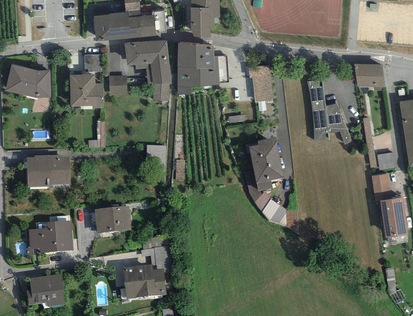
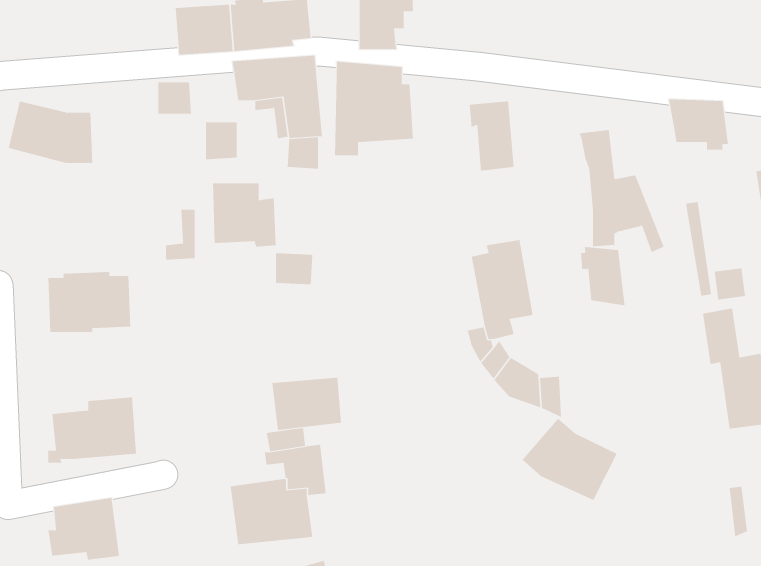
building: [69,74,103,108] -> [212,183,277,247]
building: none -> [580,246,625,306]
building: [94,205,131,233] -> [272,377,342,430]
building: none -> [522,418,618,501]

